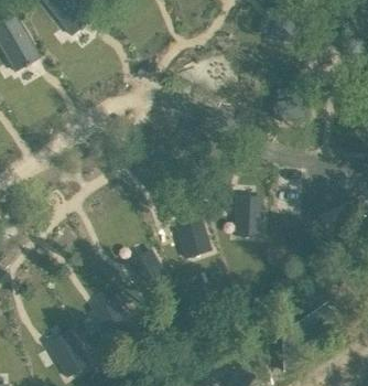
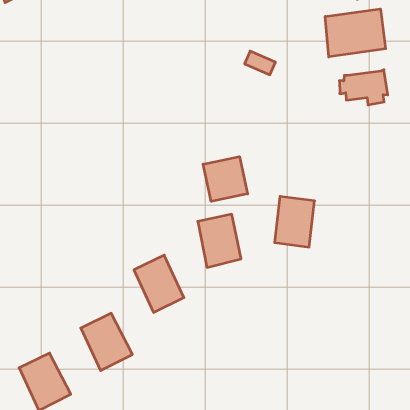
building: none -> [325,9,386,57]
building: none -> [203,157,248,201]

